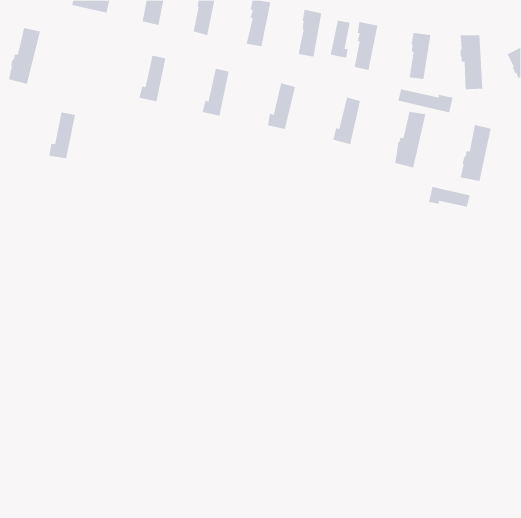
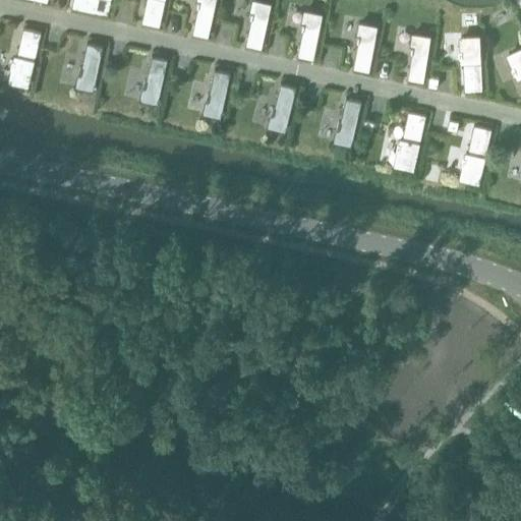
building: [330,20,350,58] -> none
building: [398,89,453,113] -> none
building: [48,112,76,159] -> [74,45,102,92]
building: [429,186,470,207] -> none

